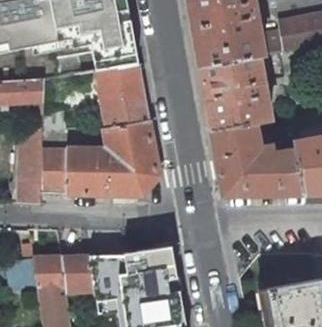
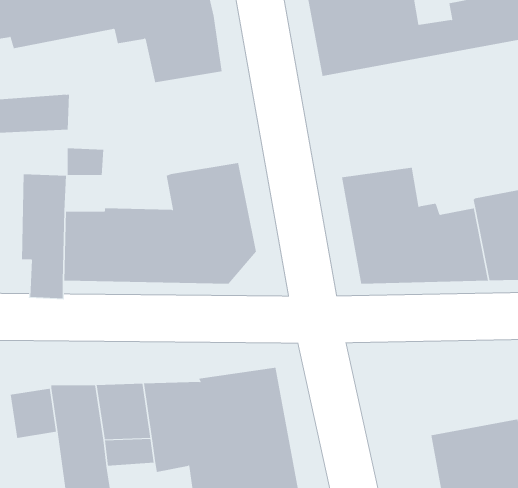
building: [199,56,269,129] -> none
building: [96,64,148,127] -> none

